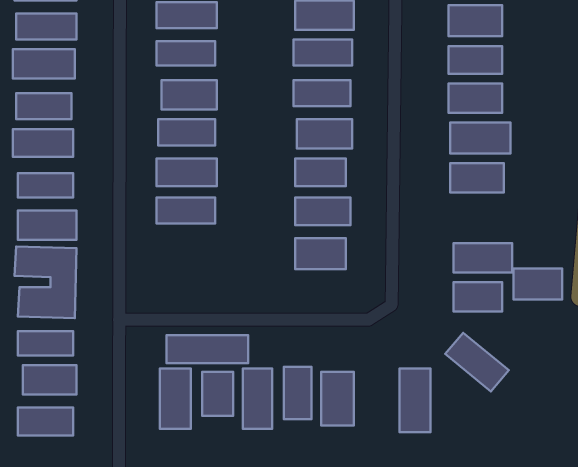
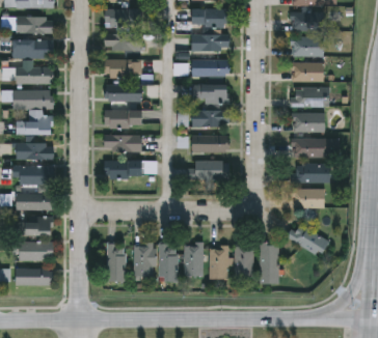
building: [513,268,562,299] -> [293,138,324,158]
building: [167,335,248,363] -> [104,160,156,177]
building: none -> [235,246,252,280]

